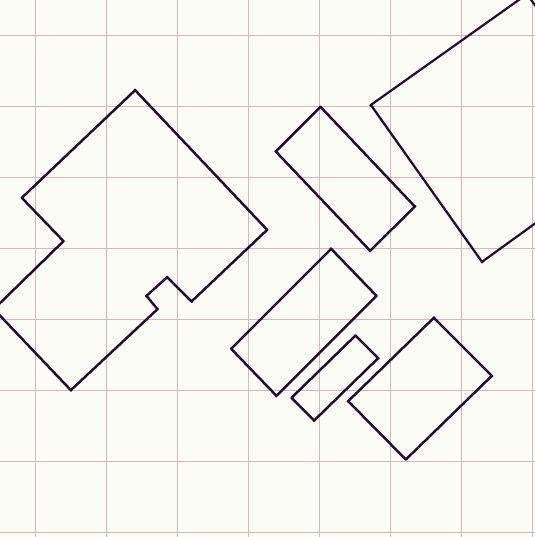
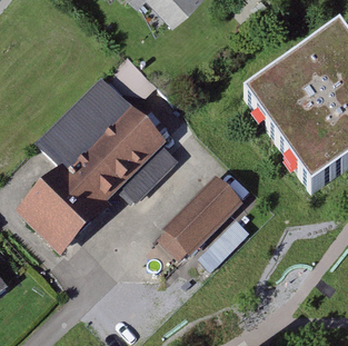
building: [276,107,415,251] -> none
building: [348,318,492,459] -> none

